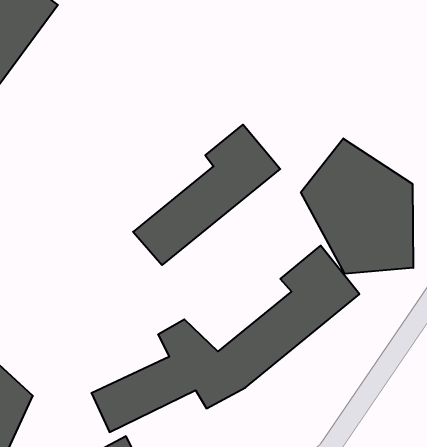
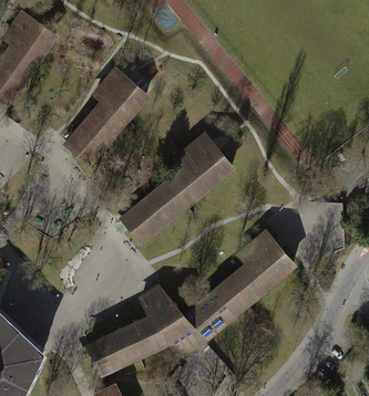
building: none -> [62,69,151,167]
building: [301,138,413,274] -> none

